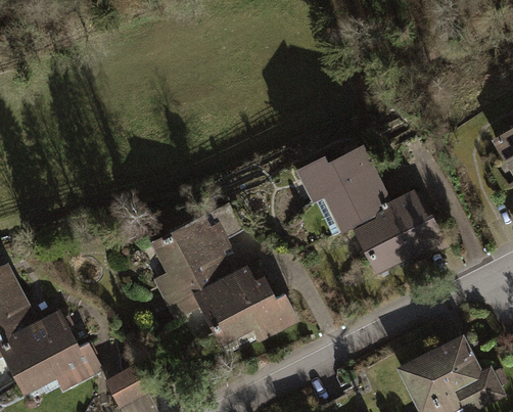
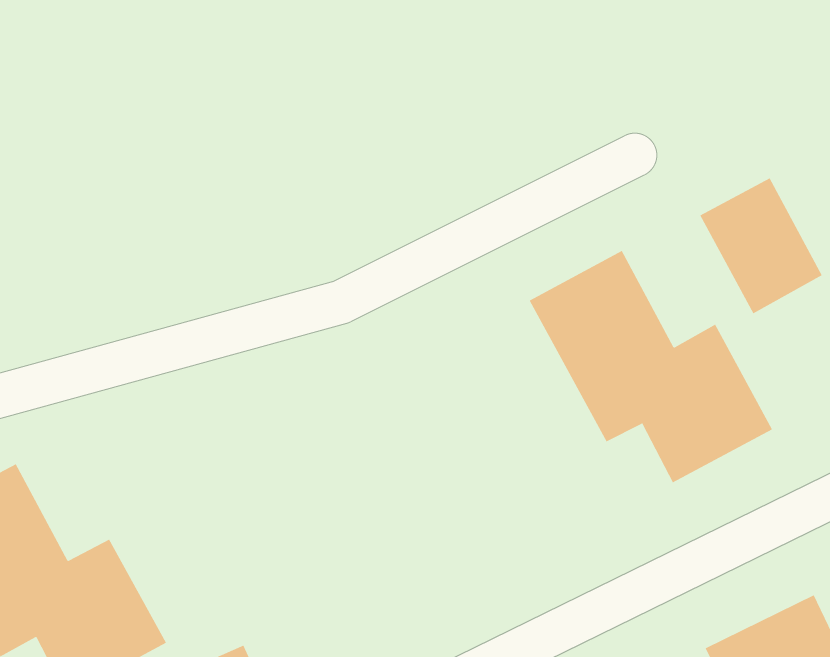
building: none -> [699,178,822,314]
building: [152,217,290,349] -> none

